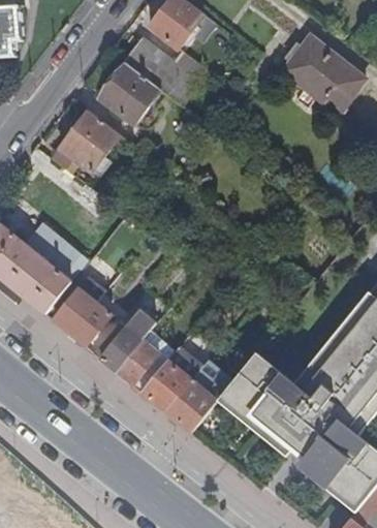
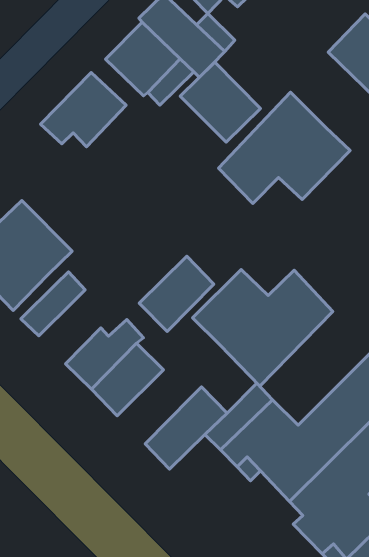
building: none -> [180,62,261,142]
building: none -> [219,92,350,204]
building: none -> [193,270,333,386]
building: [69,302,111,347] -> none
building: [142,349,201,413] -> [139,256,214,331]

